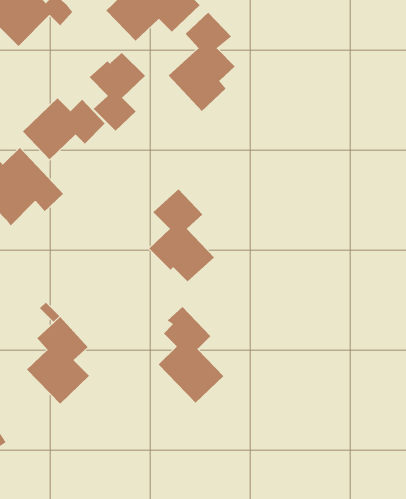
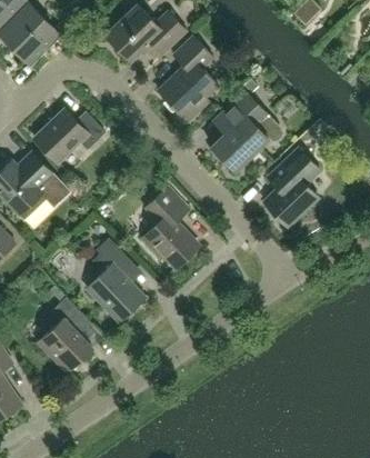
building: [89,52,146,131] -> none
building: none -> [211,91,283,170]
building: none -> [264,148,320,225]
building: [158,306,224,404] -> [88,237,144,320]

